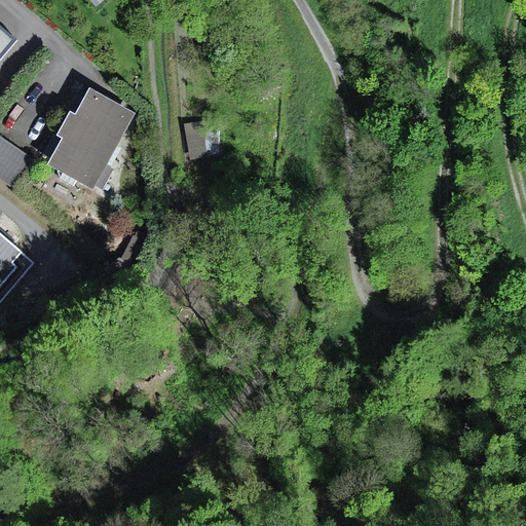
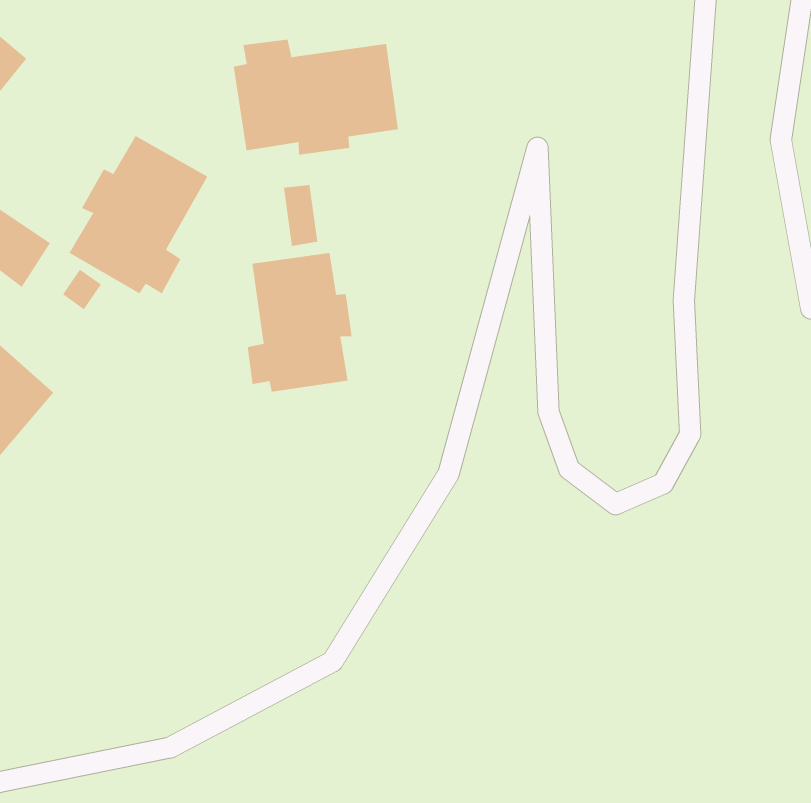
building: none -> [233,39,399,155]
building: none -> [247,252,352,393]

